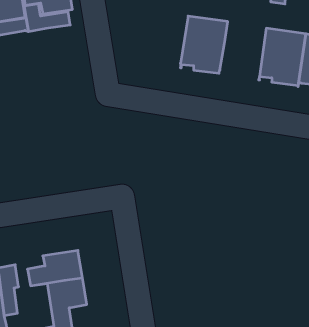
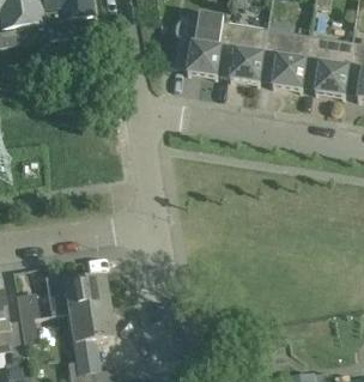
building: none -> [171,13,223,77]
building: none -> [256,26,308,90]

